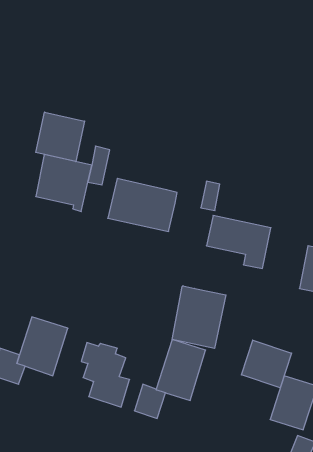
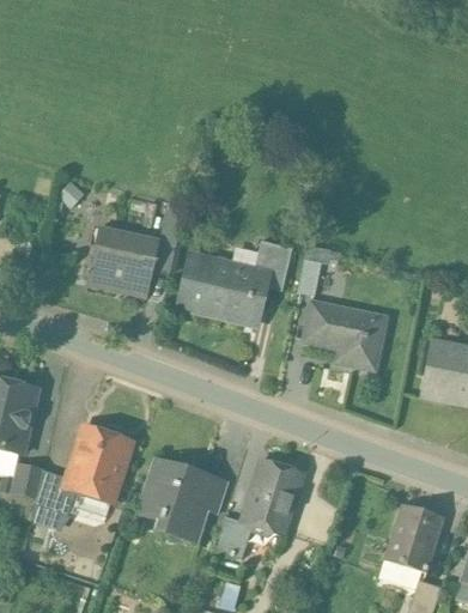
building: [36,112,85,162] -> none
building: none -> [254,239,292,290]
building: [172,286,226,348] -> none
building: [241,340,292,388] -> none
building: none -> [194,477,225,512]

